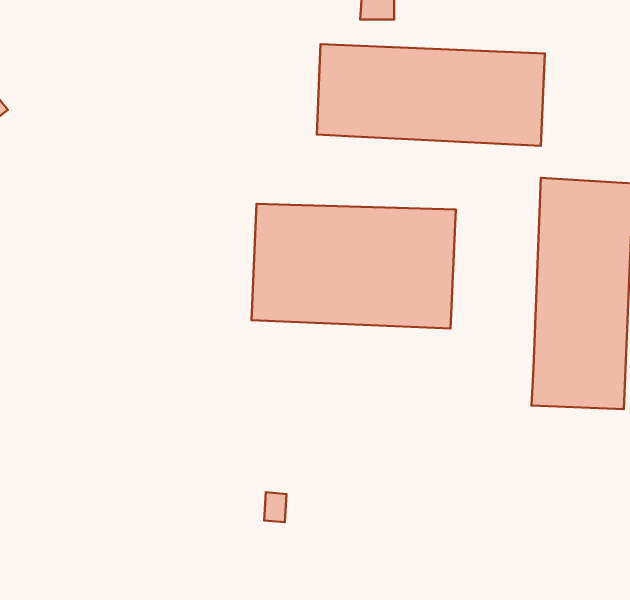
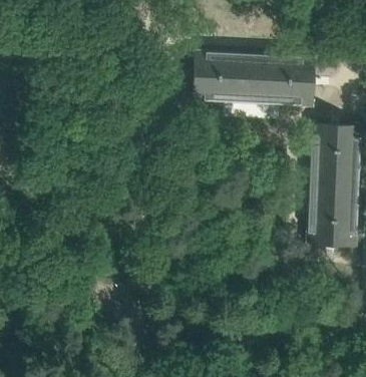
building: [252,204,456,328] -> none

